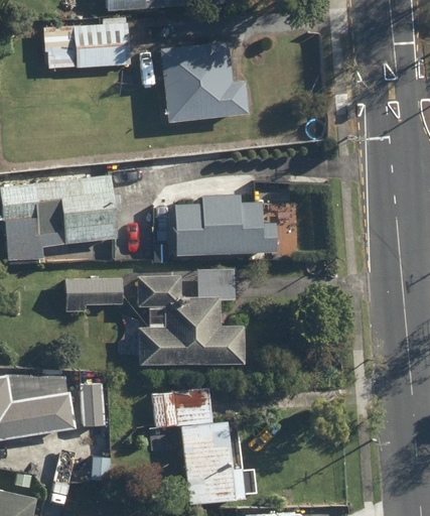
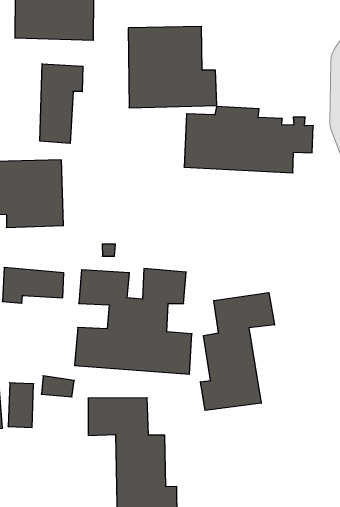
building: none -> [40,64,83,143]
building: [174,196,293,255] -> [184,106,313,173]
building: none -> [200,293,275,410]

